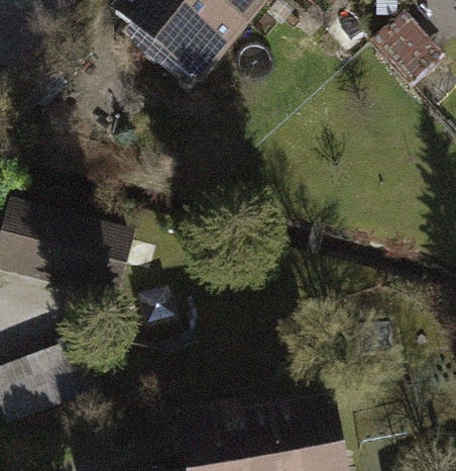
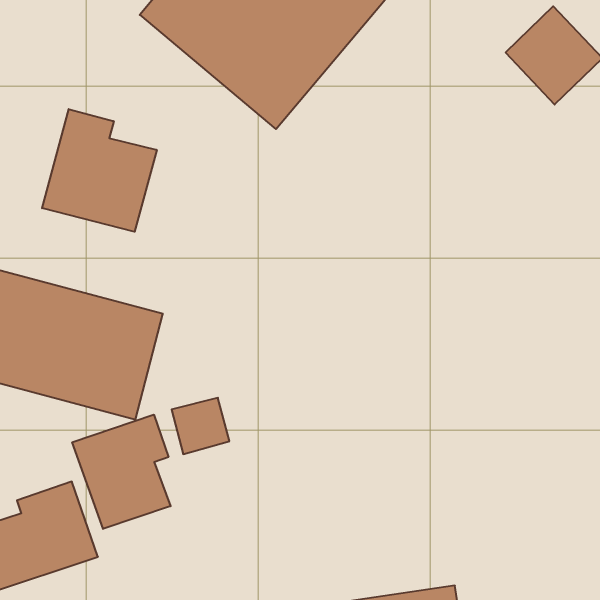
building: none -> [42,109,157,232]
building: none -> [72,415,171,529]

